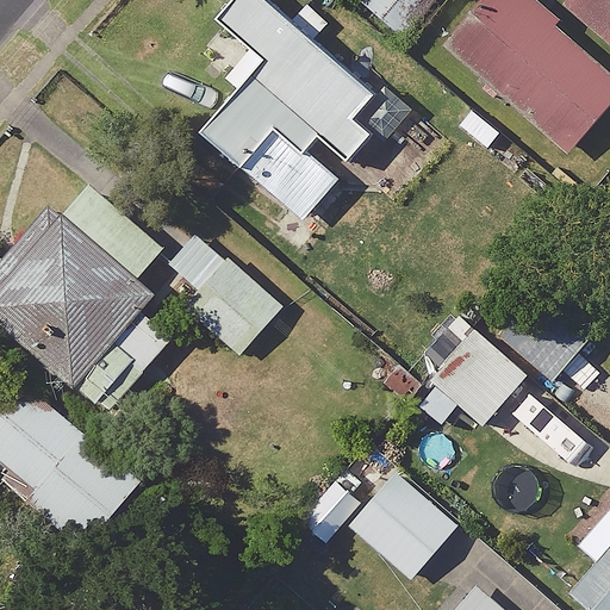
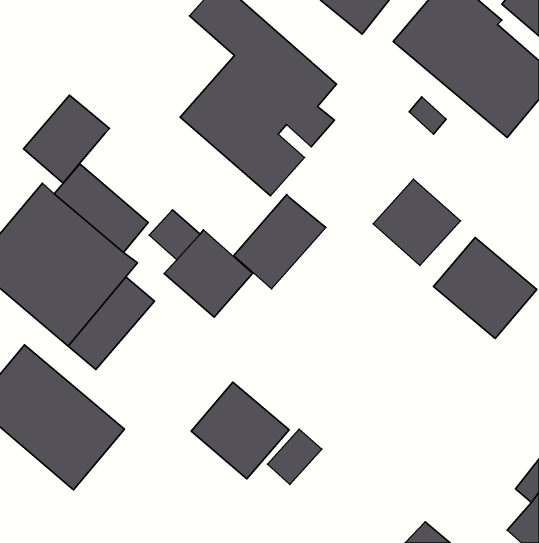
building: none -> [23,95,109,183]
building: none -> [234,195,326,289]
building: [429,330,527,427] -> [373,179,460,265]
building: [348,472,458,580] -> [191,382,289,479]

